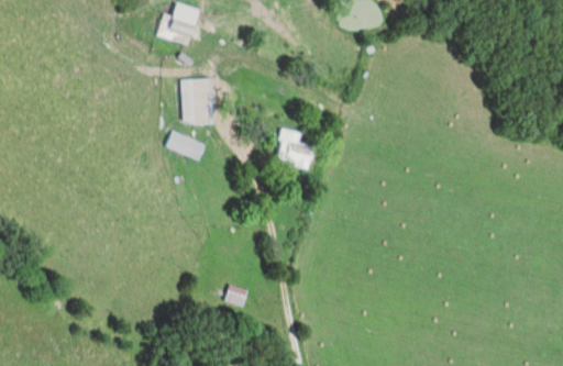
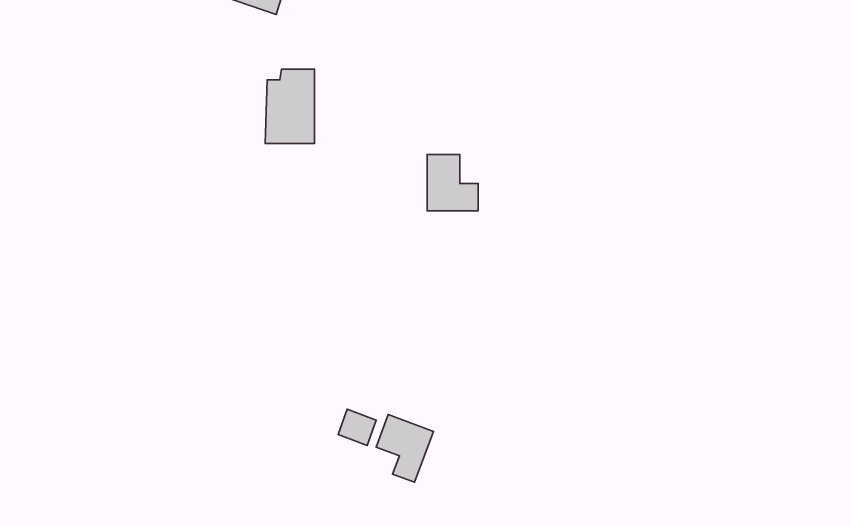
building: [166,132,206,160] -> none
building: none -> [376,415,434,482]

